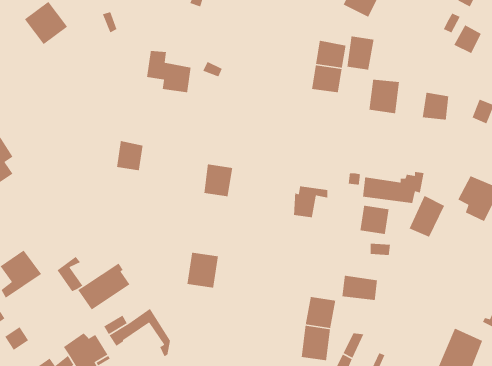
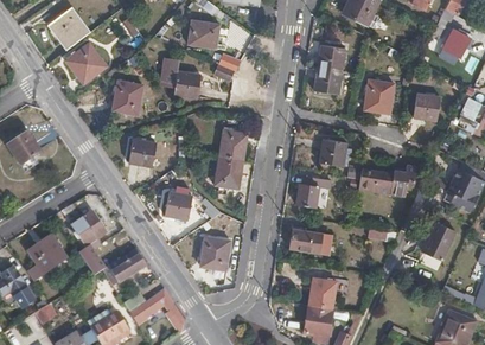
building: none -> [187,19,218,47]
building: [346,35,374,71] -> none
building: none -> [68,43,107,83]
building: none -> [115,81,143,113]
building: none -> [218,130,245,160]
building: [409,195,445,238] -> [421,219,454,258]
building: none -> [166,192,193,219]
building: [360,205,389,235] -> [319,138,346,165]
building: none -> [62,204,107,245]
building: [342,275,378,301] -> [289,228,323,251]

